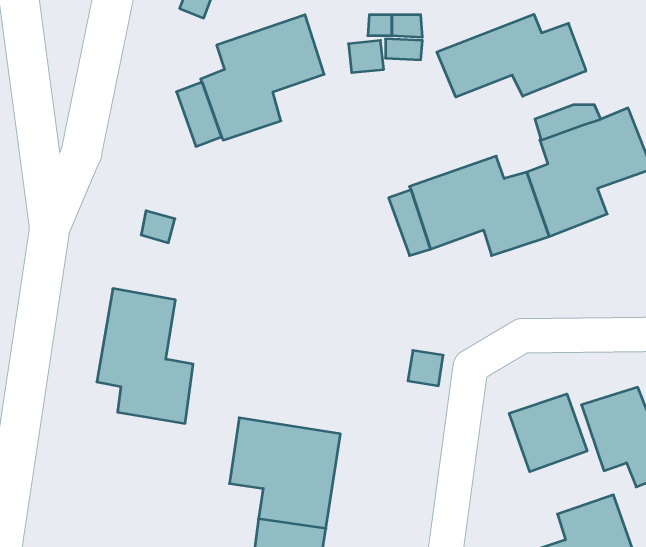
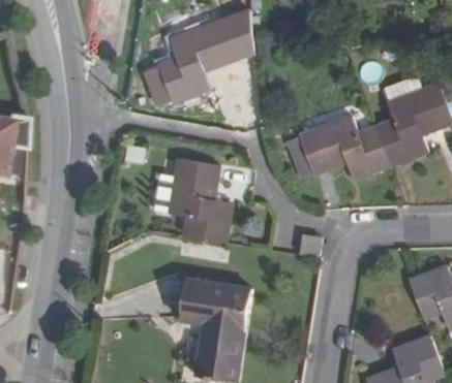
building: [437,14,586,97] -> none
building: [97,289,193,423] -> [181,159,243,246]
building: [509,394,587,472] -> none

